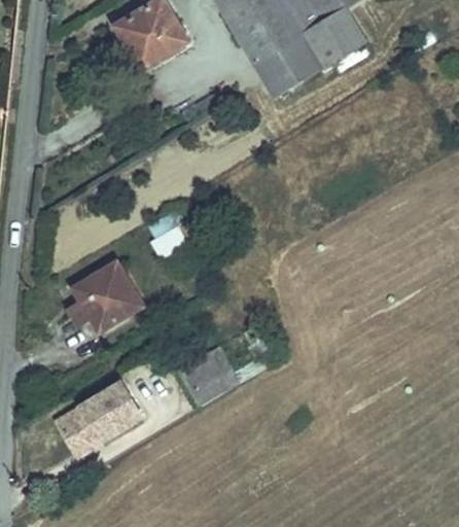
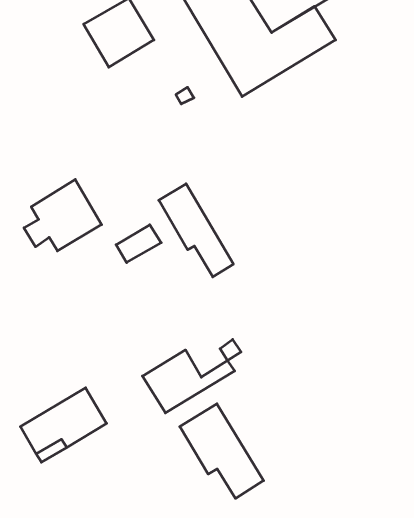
building: none -> [159,184,233,277]
building: [65,260,141,330] -> [24,179,102,251]
building: none -> [180,404,264,498]

